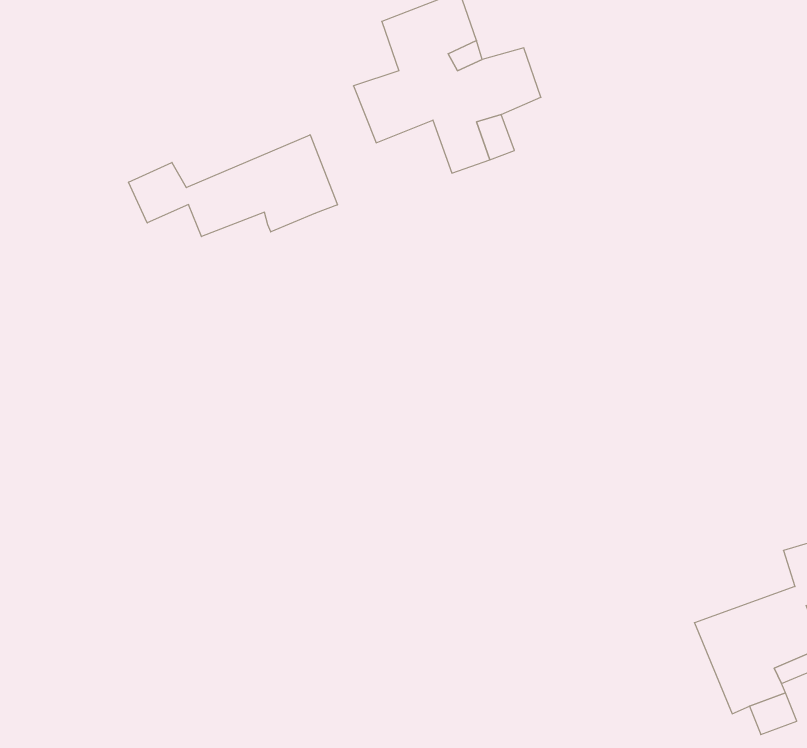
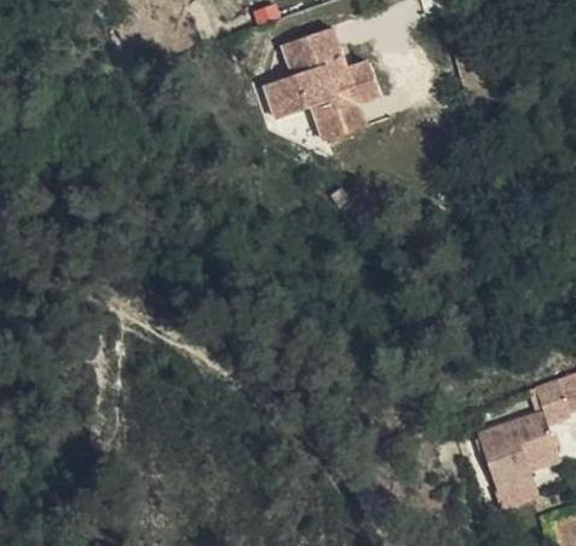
building: [129,135,337,237] -> none

